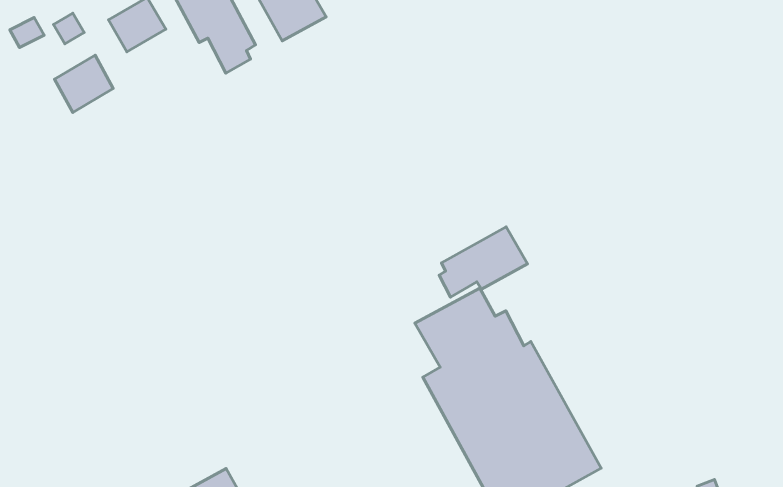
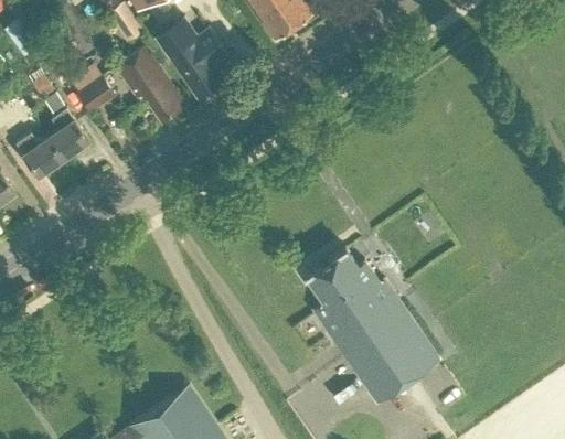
building: none -> [24,139,64,178]
building: [439,227,528,297] -> none

